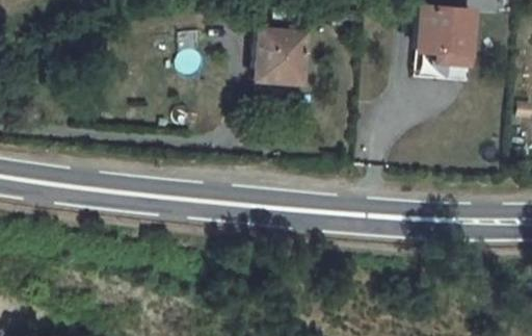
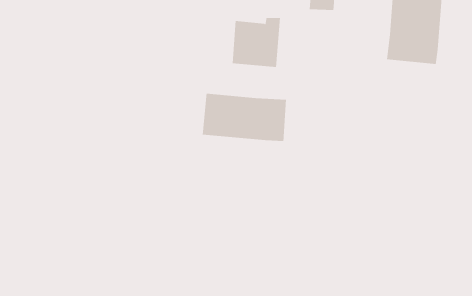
building: none -> [202,93,287,142]

